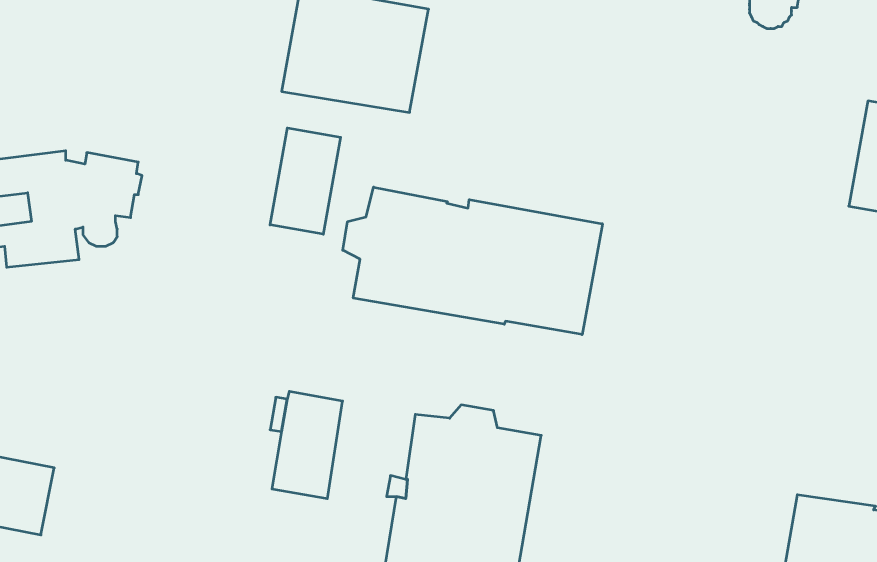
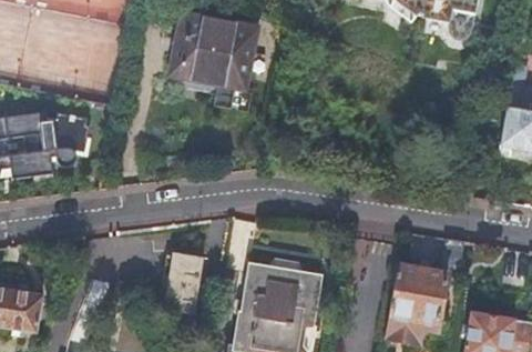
building: [270,128,341,234] -> none
building: [343,187,602,335] -> none
building: none -> [386,235,464,342]

